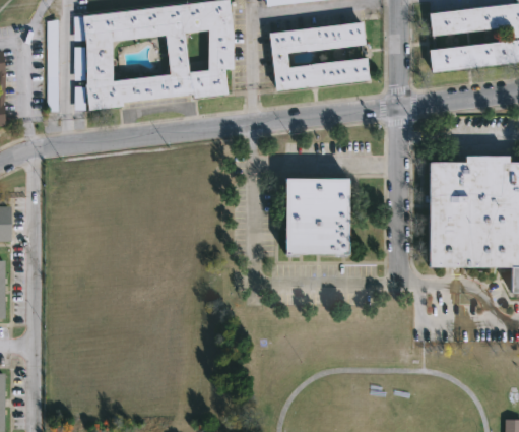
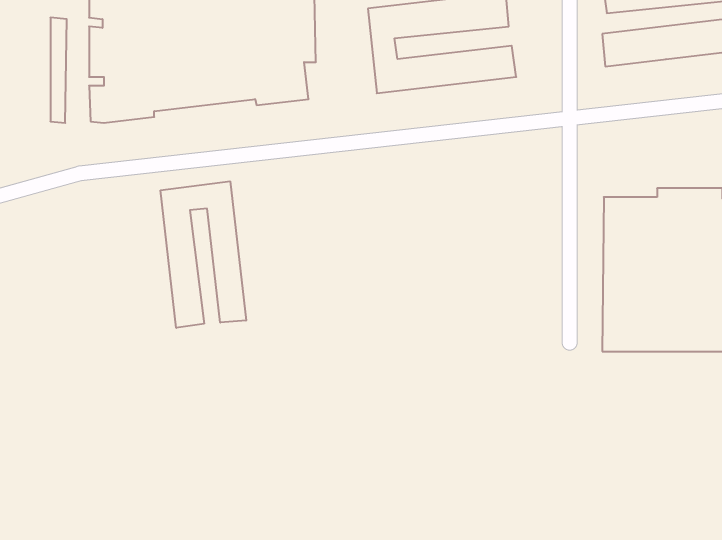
building: none -> [161,181,246,328]
building: [283,180,347,250] -> none

